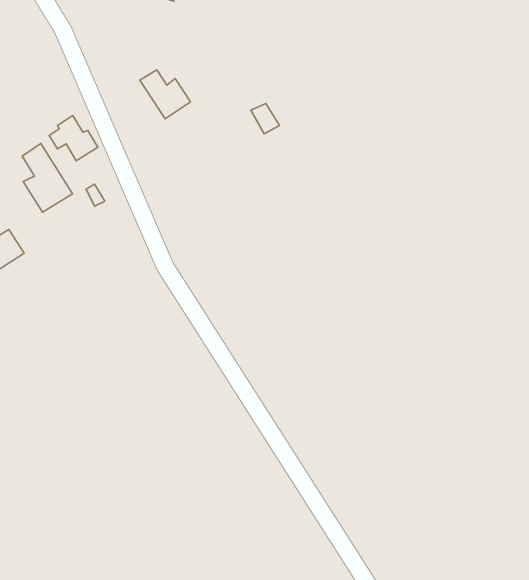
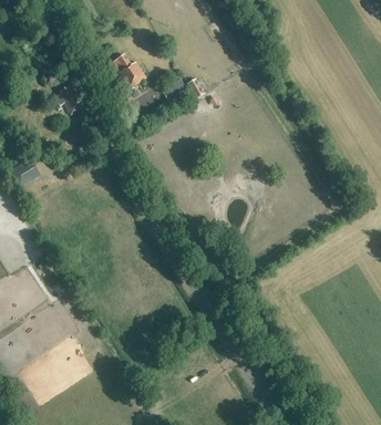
building: [22,143,72,212] -> none

